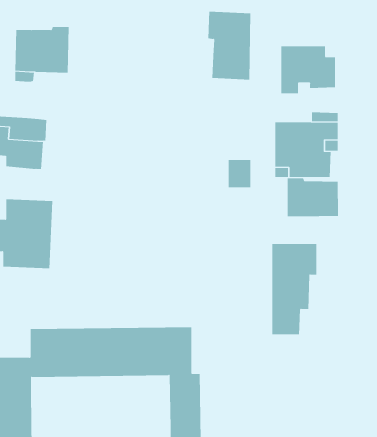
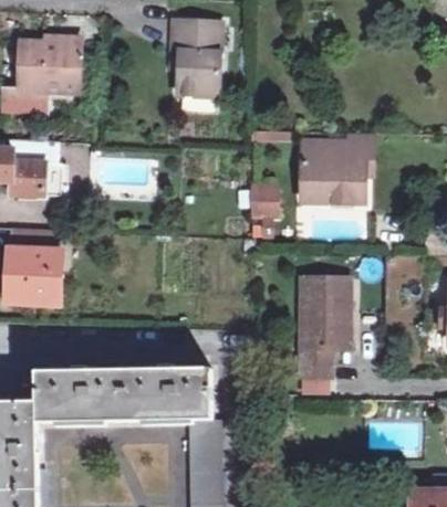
building: [207,11,251,80] -> [174,22,221,97]
building: [281,46,336,94] -> none
building: [287,178,338,217] -> none

